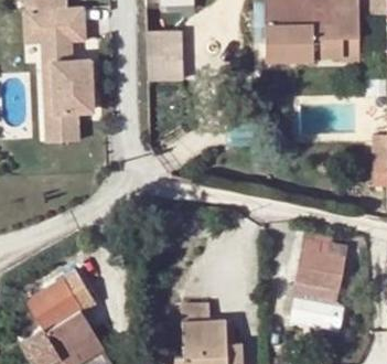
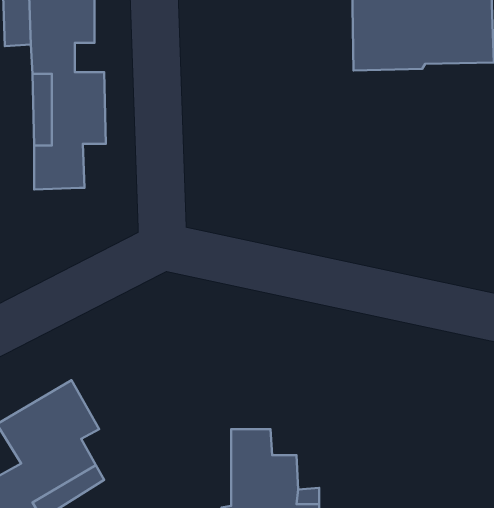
building: [146,31,184,83] -> none
building: [284,235,345,331] -> none

